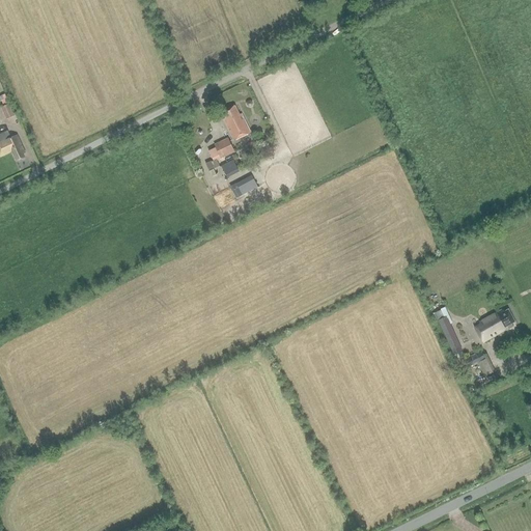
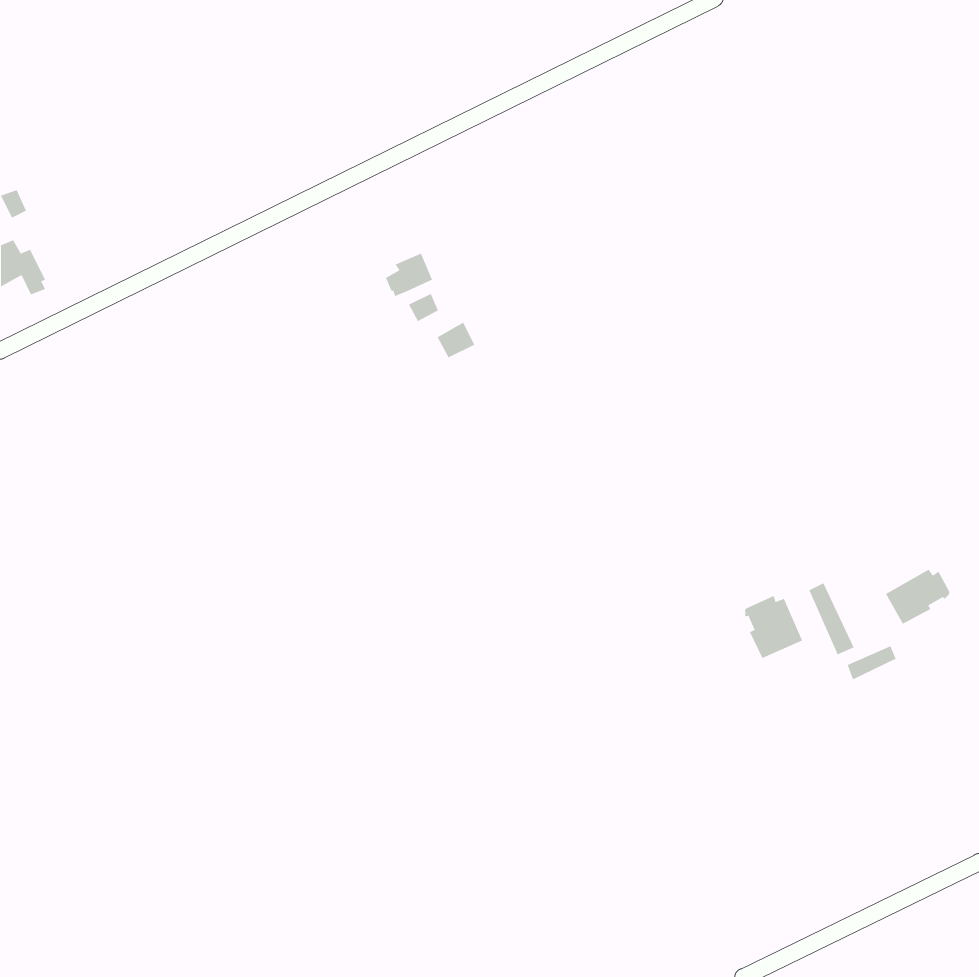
building: [222,104,250,139] -> none
building: none -> [745,595,803,659]

